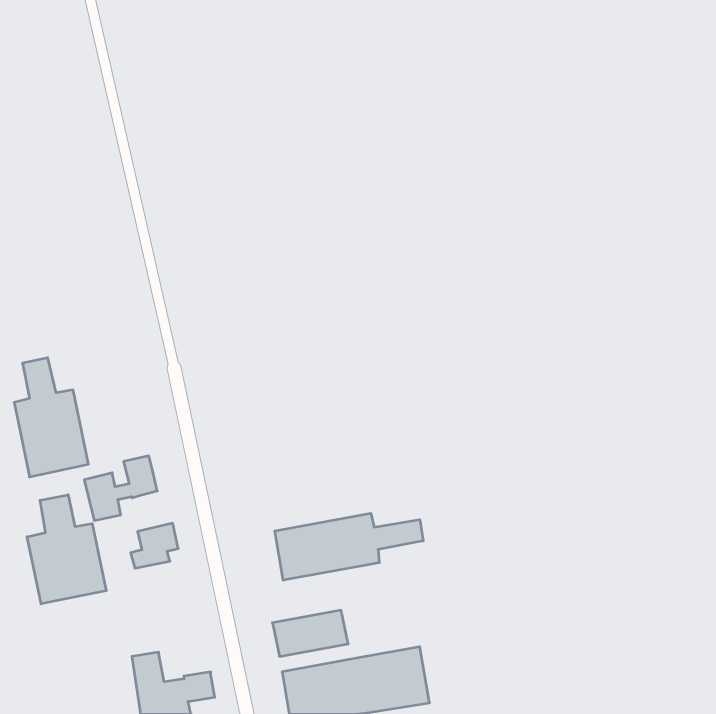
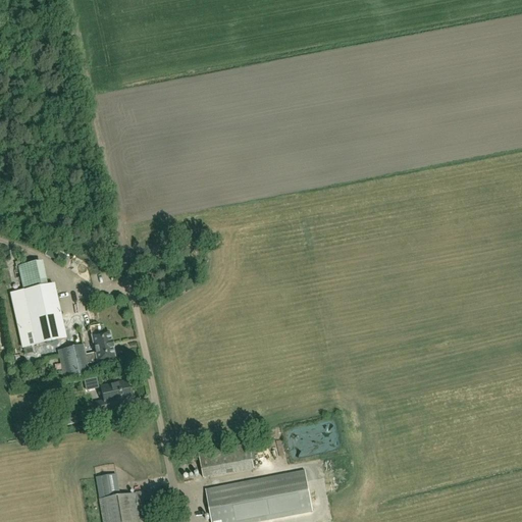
building: [27,495,106,604] -> none
building: [275,513,423,580] -> none

